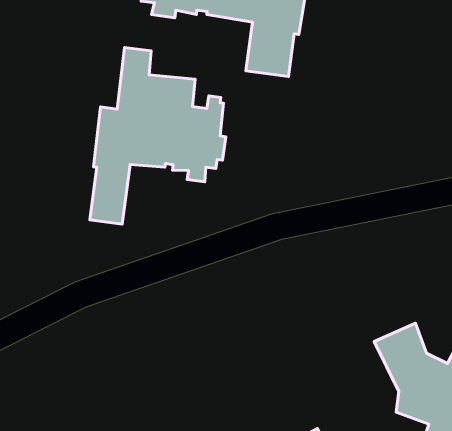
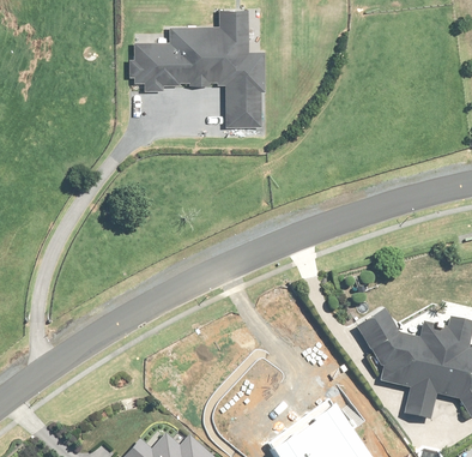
building: [90,47,226,224] -> none

